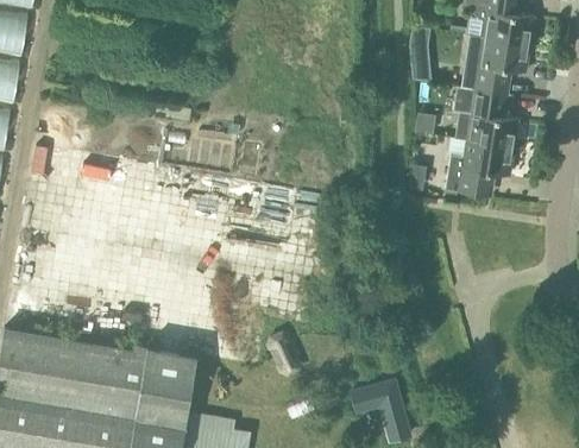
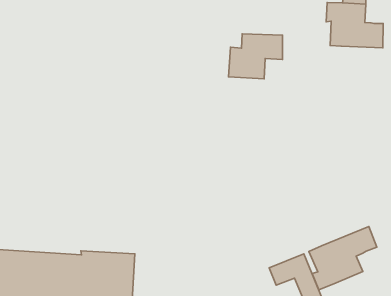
building: [445,140,514,196] -> [229,34,283,79]
building: none -> [309,227,377,290]

